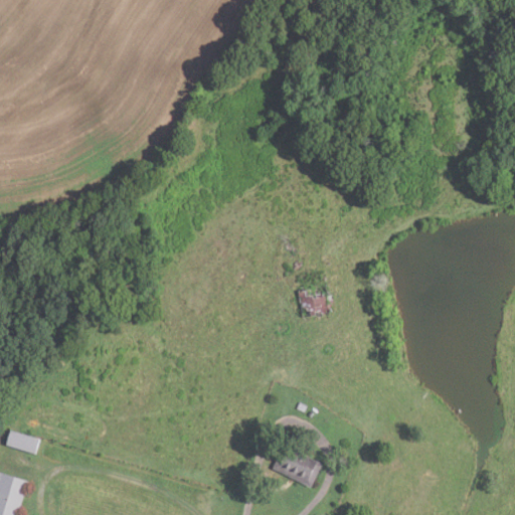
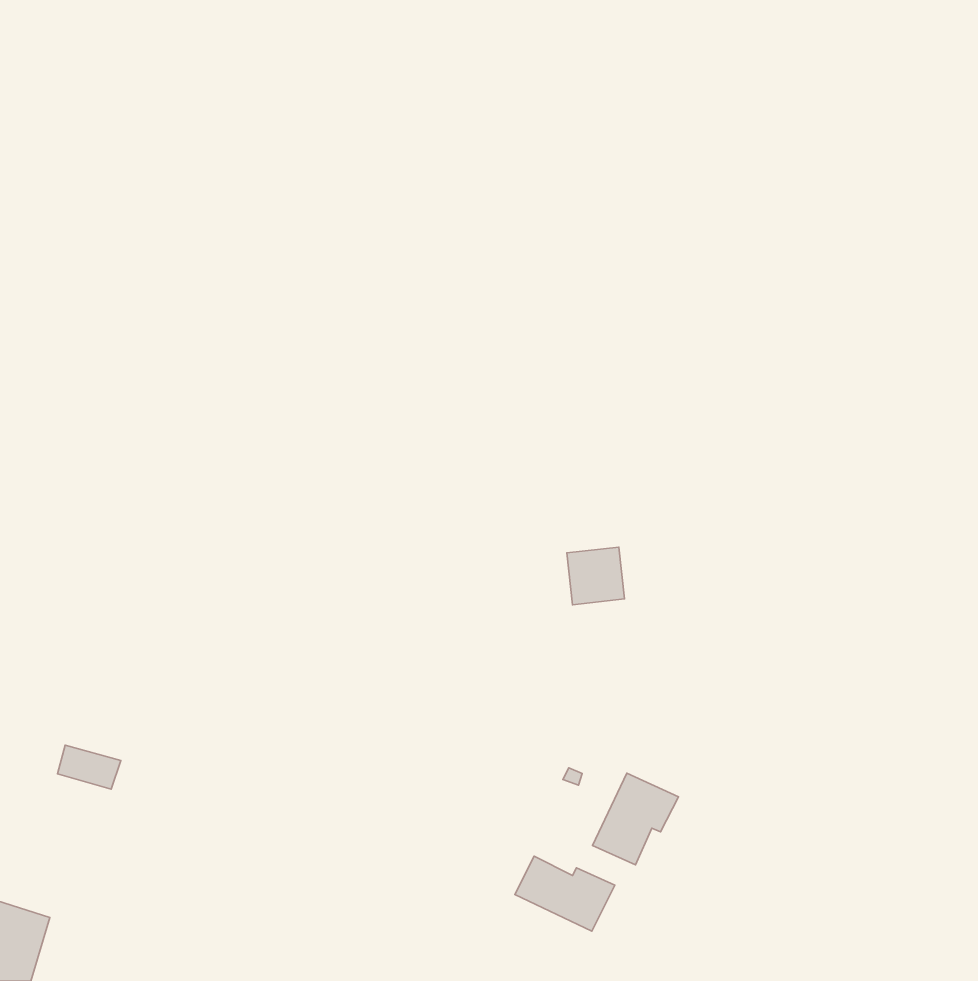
building: none -> [593,773,678,865]
building: [5,431,38,454] -> [57,745,121,789]

